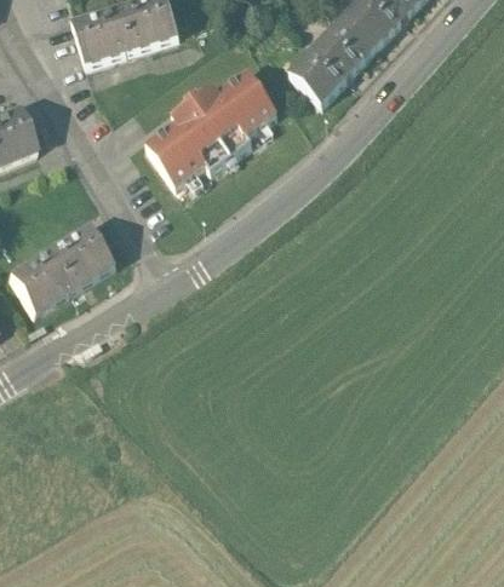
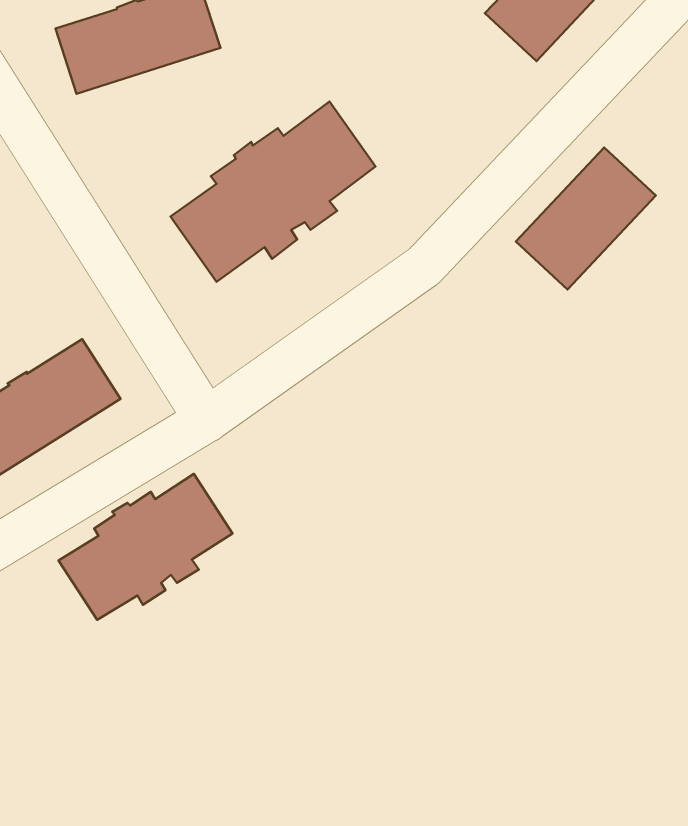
building: [290,15,378,104] -> [516,147,656,289]
building: none -> [59,474,233,620]

